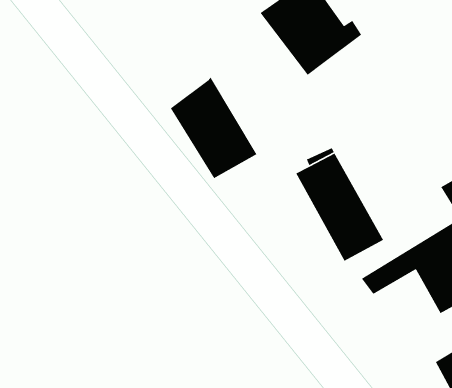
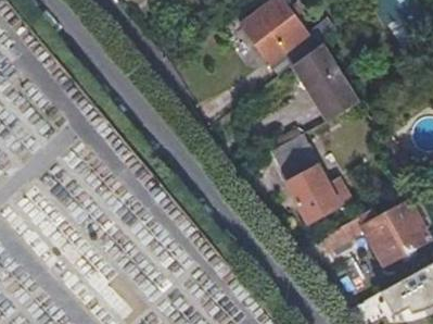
building: [170,77,258,179] -> [293,38,362,120]

